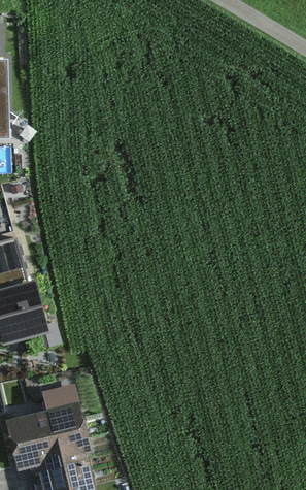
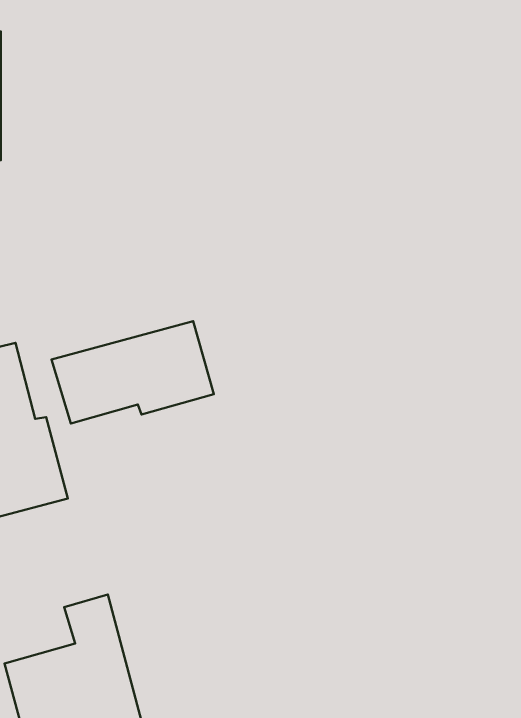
building: none -> [52,321,214,424]

